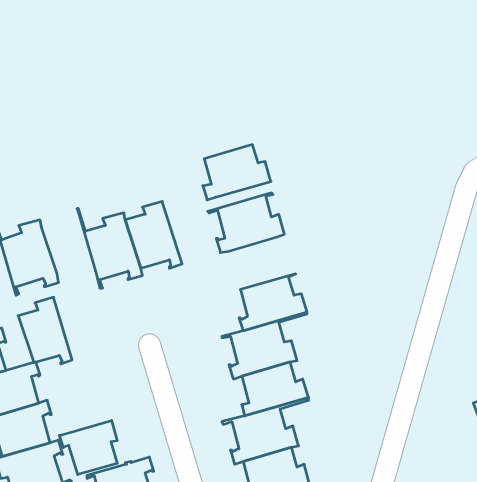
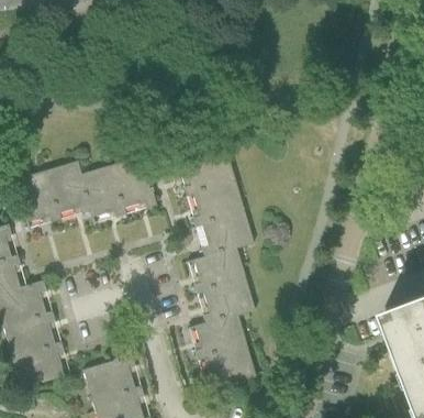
building: [203,145,271,200] -> [190,185,243,228]
building: [18,297,72,364] -> [46,163,88,214]
building: [59,420,117,475] -> none

